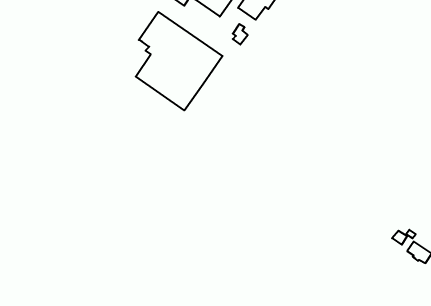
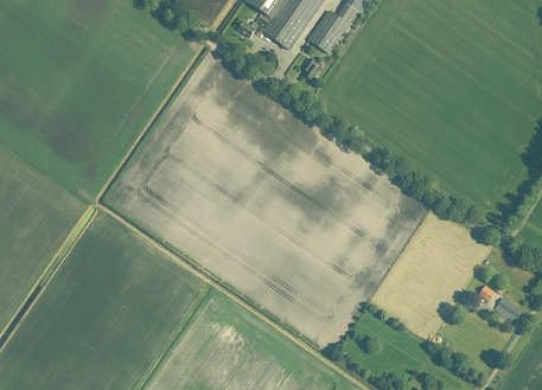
building: [136,12,223,110] -> none

